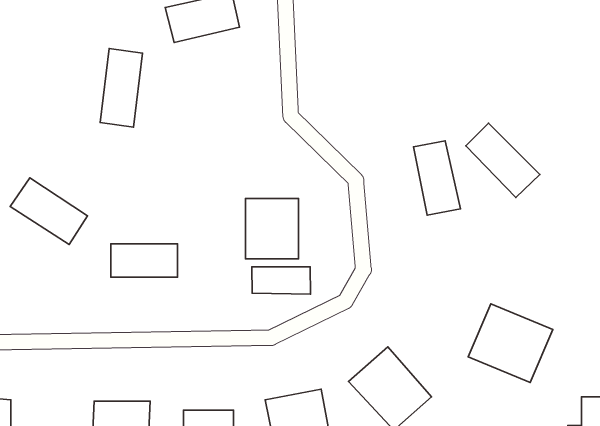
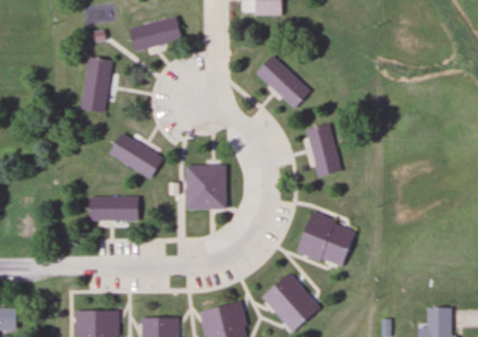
building: [466,123,540,197] -> [256,55,309,108]
building: [10,178,87,244] -> [107,131,162,179]
building: [252,267,311,294] -> none
building: [468,304,553,383] -> [294,210,355,267]

